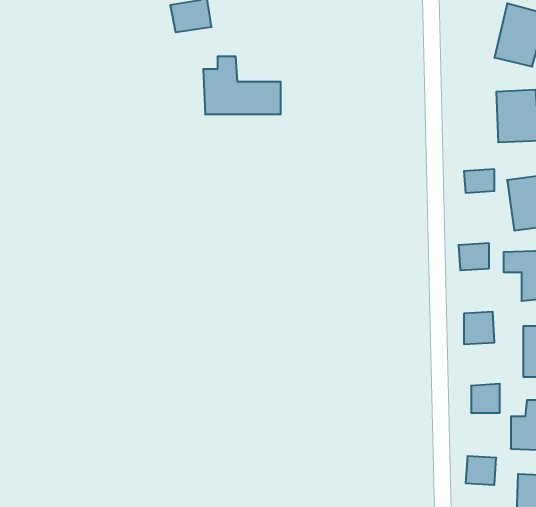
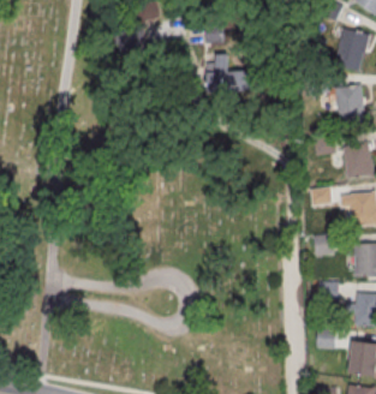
building: [203,56,281,114] -> [205,54,257,92]

